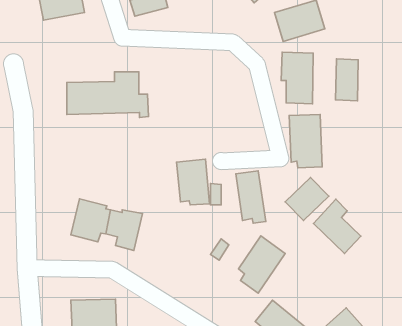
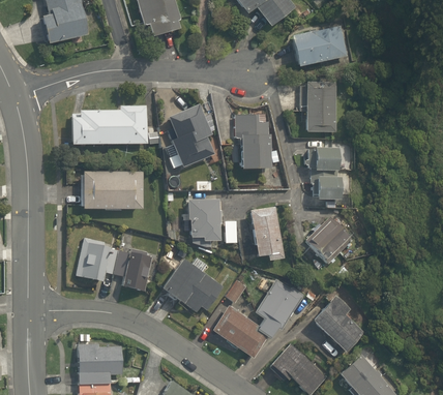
building: [336,59,358,101] -> none
building: none -> [165,102,215,170]
building: none -> [234,111,269,171]
building: none -> [84,171,141,210]
building: [313,199,361,254] -> [314,295,364,353]
building: none -> [161,257,224,312]
building: none -> [212,305,270,359]

